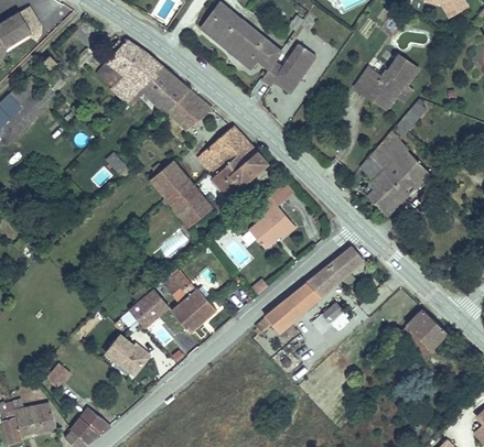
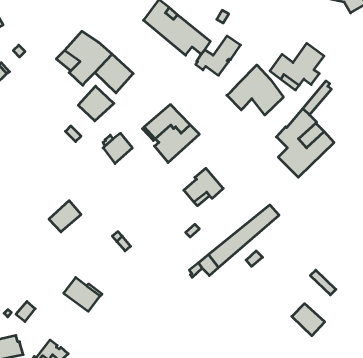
building: none -> [227,65,283,115]
building: [168,89,211,131] -> [78,86,114,121]
building: [165,179,208,223] -> none
building: [171,290,216,335] -> none
building: [130,291,169,328] -> [49,201,81,232]
building: [407,310,447,349] -> [292,304,325,336]

